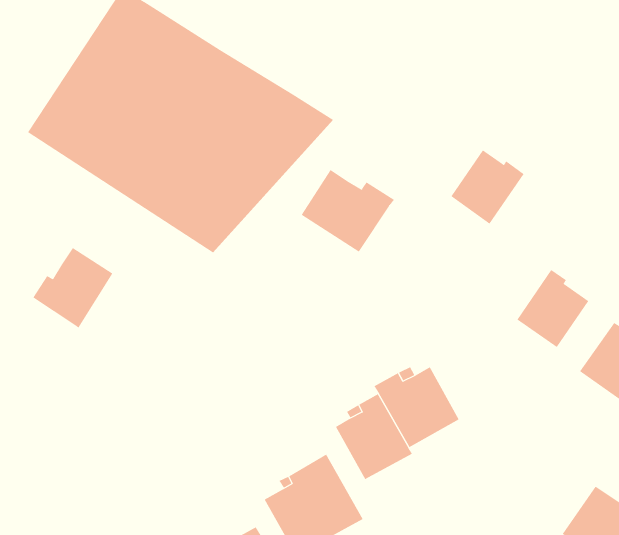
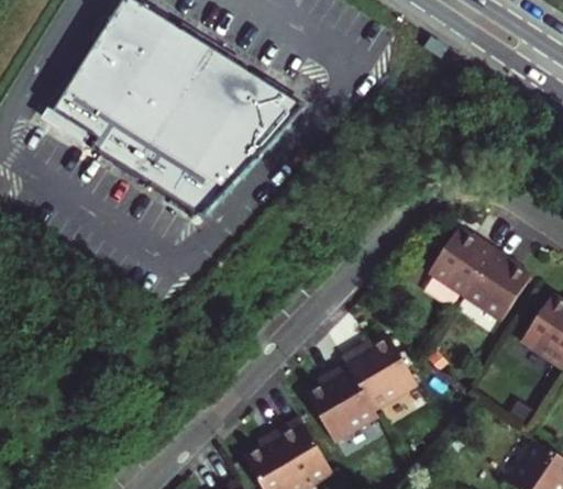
building: [450,149,524,225] -> [434,226,500,293]
building: [301,169,395,253] -> none
building: [32,247,113,328] -> none

